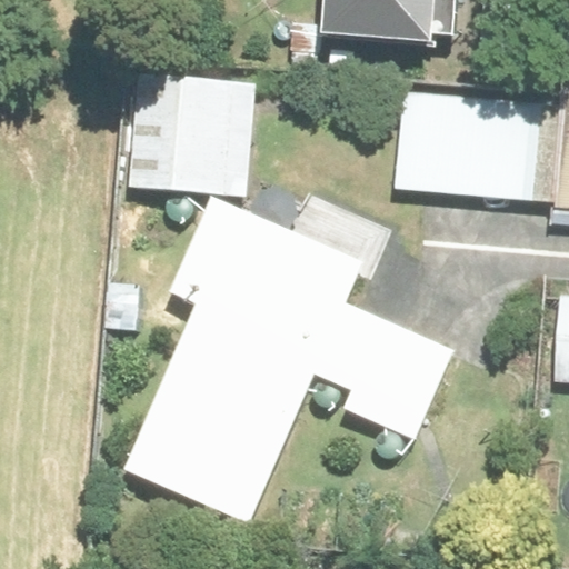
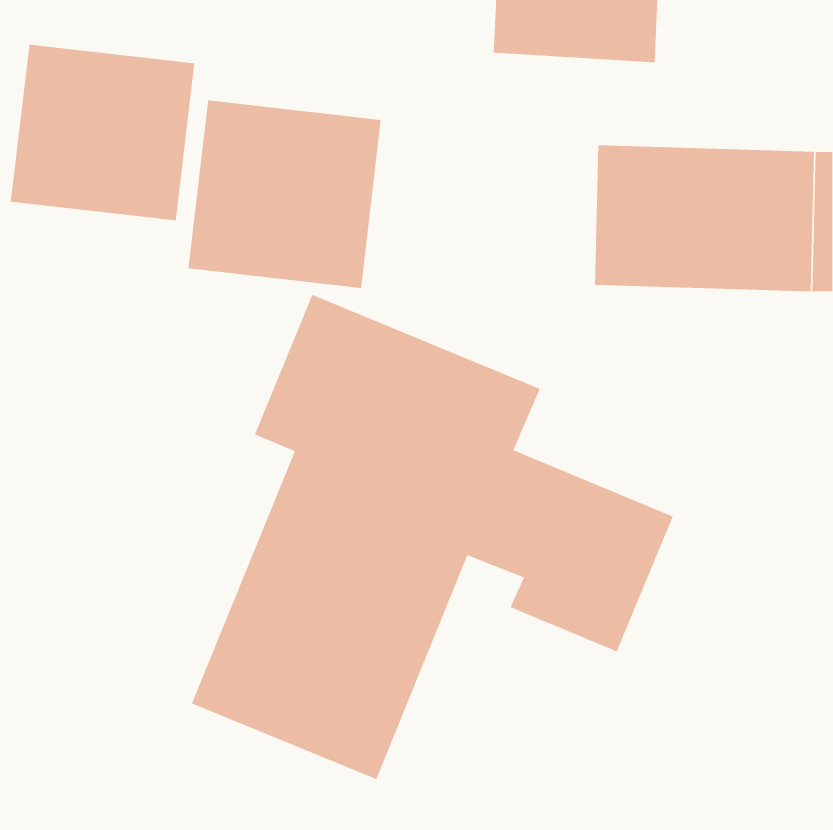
building: none -> [10,44,195,221]

